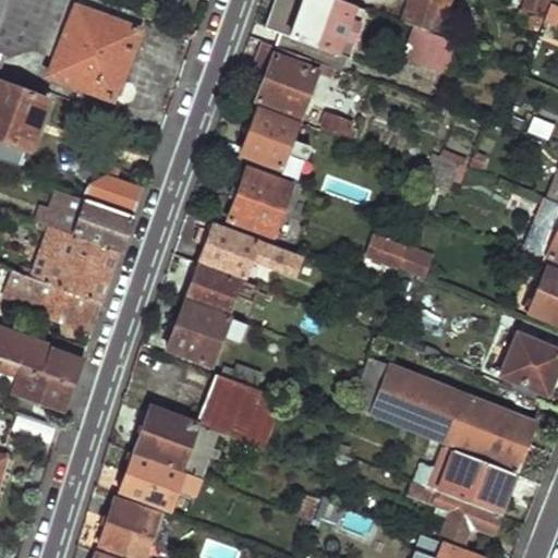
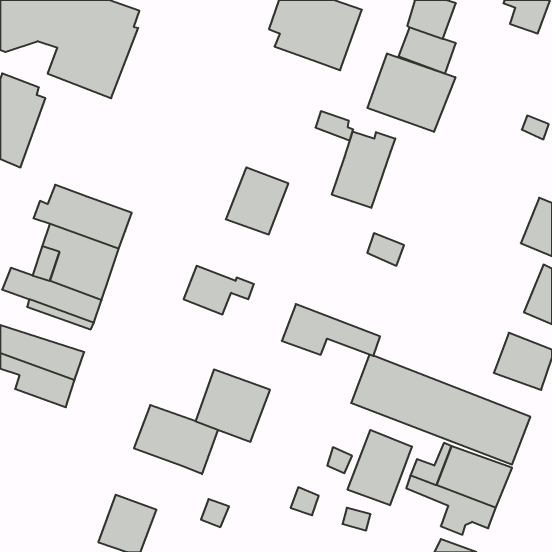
building: [250,41,319,116] -> none
building: none -> [367,53,455,132]
building: [242,111,296,168] -> none
building: none -> [332,132,395,208]
building: [87,162,143,215] -> none
building: [201,226,300,278] -> [282,304,380,356]
building: [167,302,228,366] -> none
building: none -> [348,430,412,505]
building: [120,452,203,511] -> none

